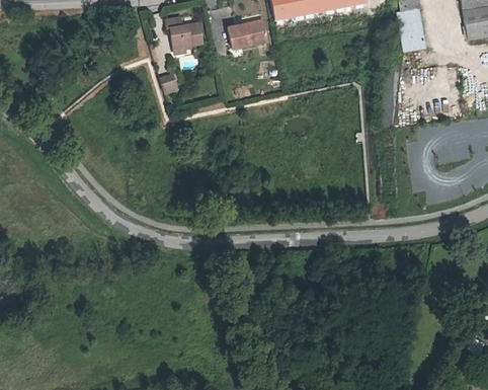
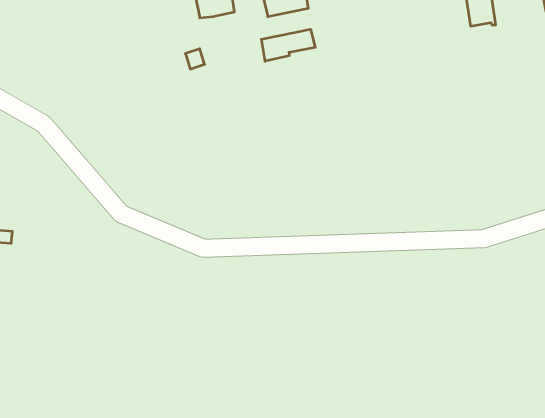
building: none -> [261,29,315,61]

